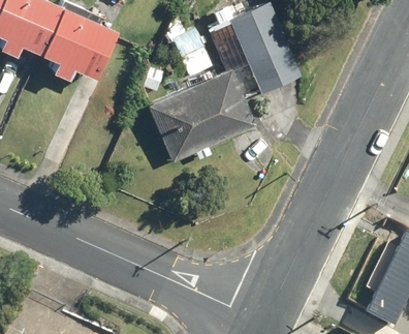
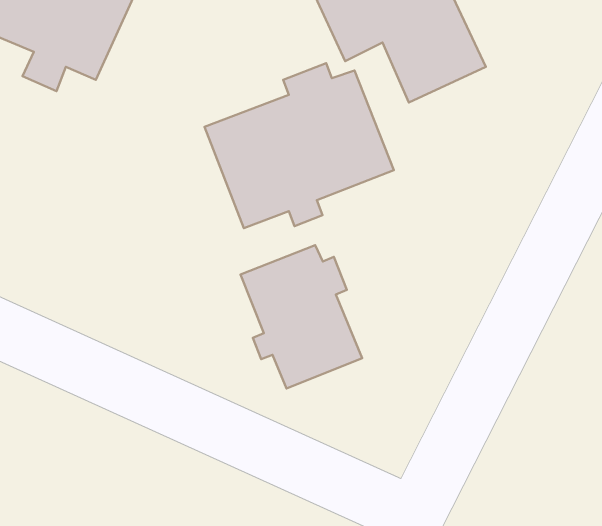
building: none -> [240,245,362,389]

